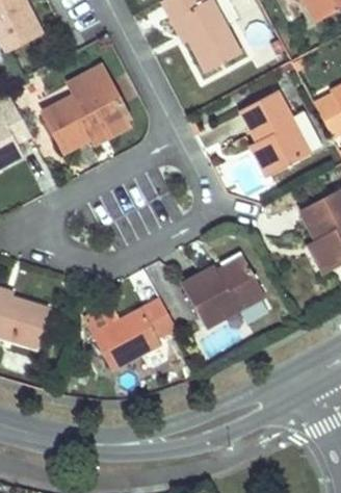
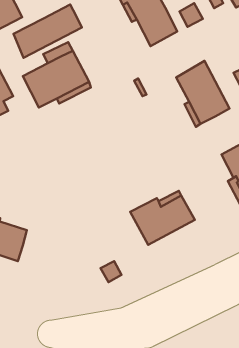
building: none -> [14,5,82,58]
building: [91,296,176,369] -> none

